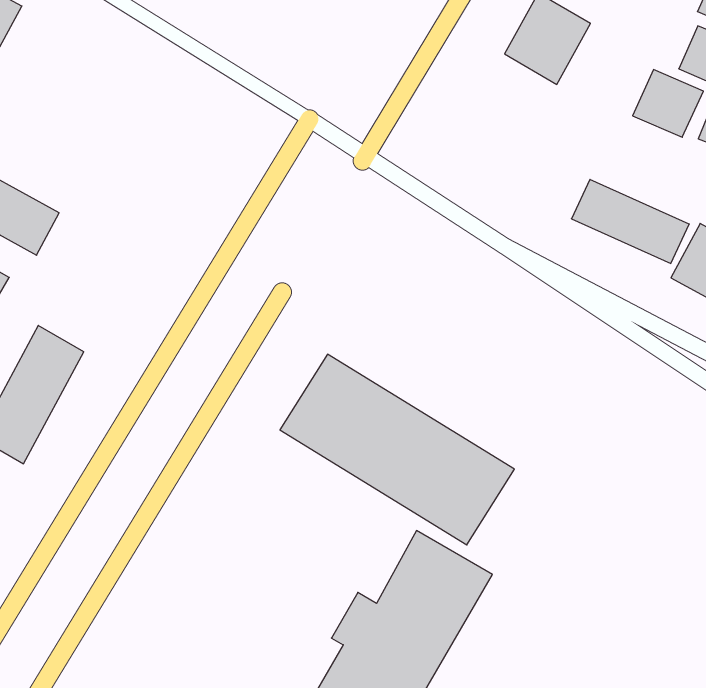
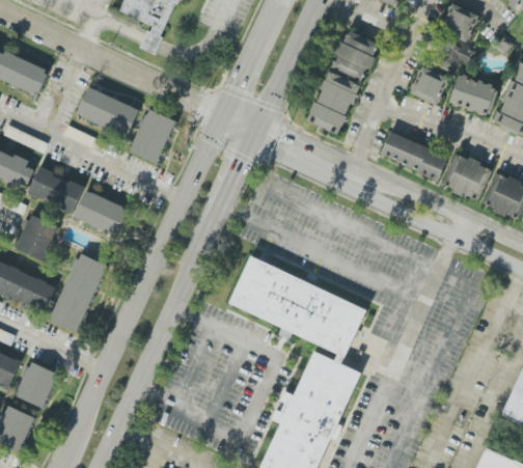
building: none -> [77,89,139,136]
building: none -> [307,72,361,136]
building: none -> [130,109,177,164]
building: none -> [75,191,129,236]

